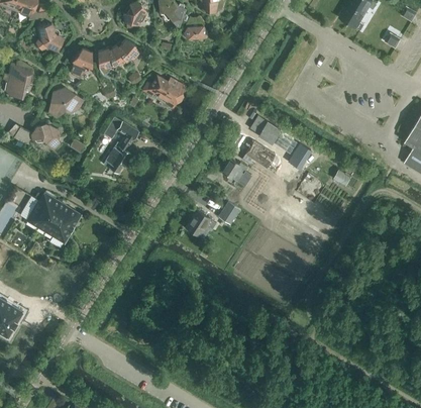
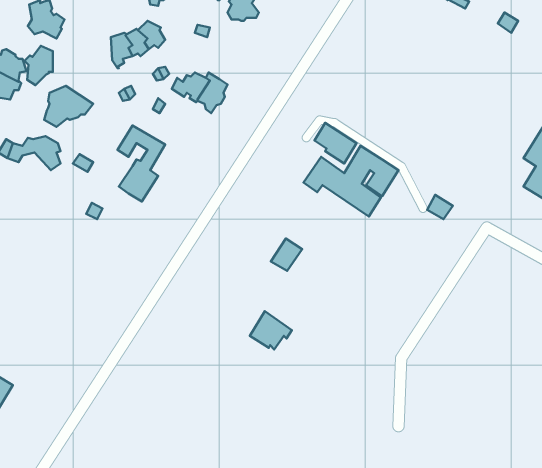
building: [71,48,92,78] -> [24,46,53,85]
building: [221,158,252,187] -> none
building: [20,192,83,243] -> none
building: [185,210,216,238] -> [250,311,292,349]

